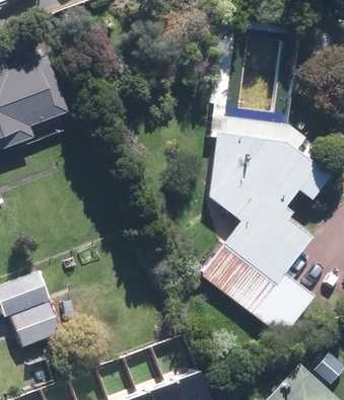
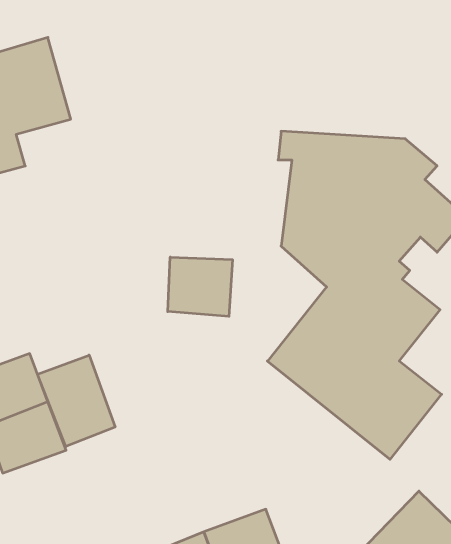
building: none -> [168,257,232,316]
building: none -> [38,355,115,447]

